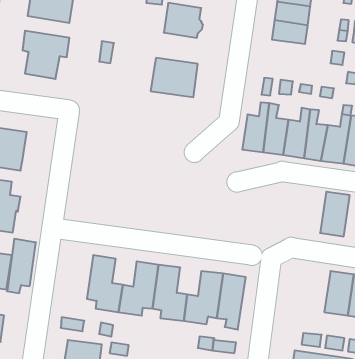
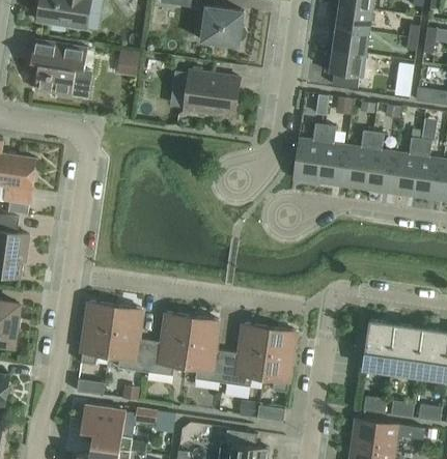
building: none -> [325,49,367,88]
building: [320,192,350,236] -> [362,319,397,372]
building: [7,239,36,293] -> [81,300,115,365]

